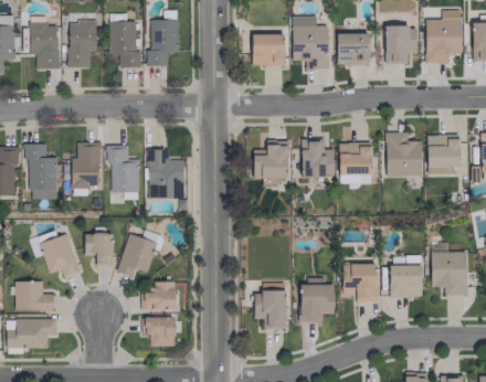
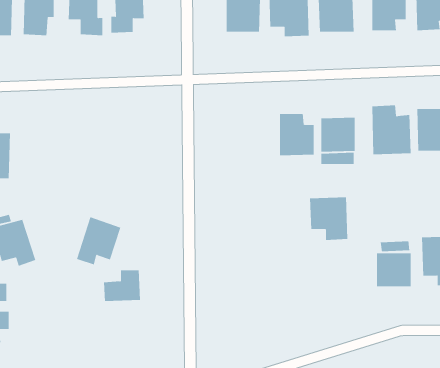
building: [253,140,288,180] -> none
building: [72,142,101,195] -> none
building: [107,145,140,193] -> none
building: [148,149,184,199] -> none
building: [85,233,114,266] -> none
building: [342,263,378,303] -> [309,197,348,241]
building: [300,285,335,322] -> none
building: [254,290,287,328] -> none
building: [141,317,176,347] -> none

